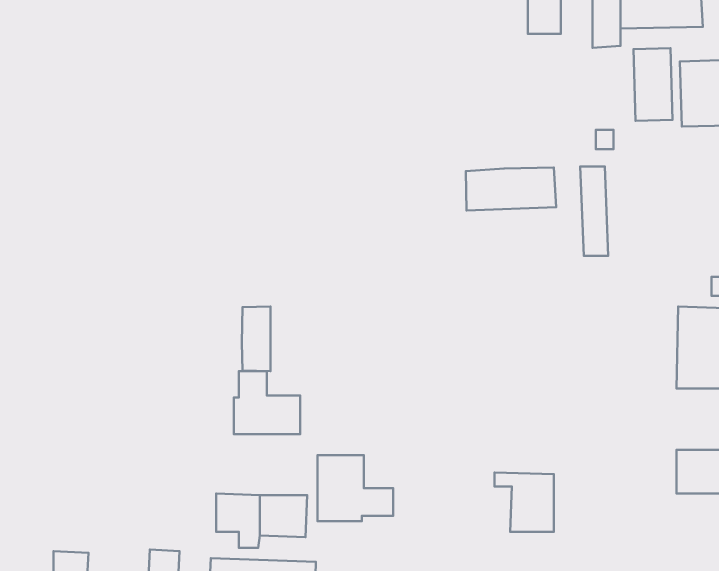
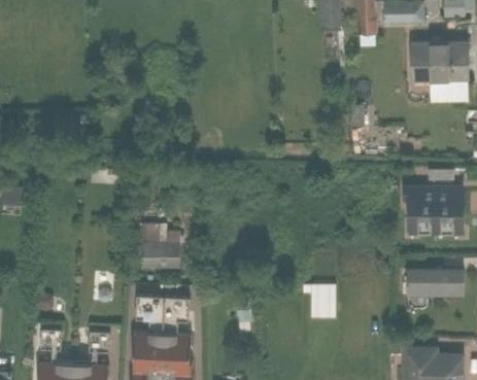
building: [633,48,672,121] -> none
building: [466,168,556,211] -> none
building: [242,307,271,371] -> none
building: [318,455,393,521] -> none

